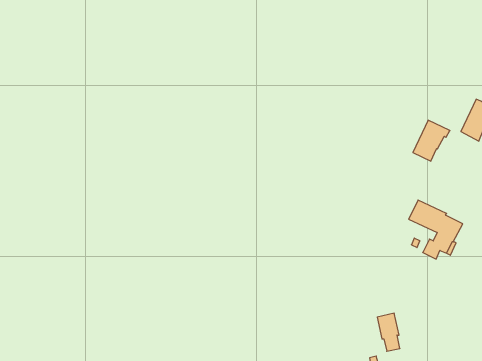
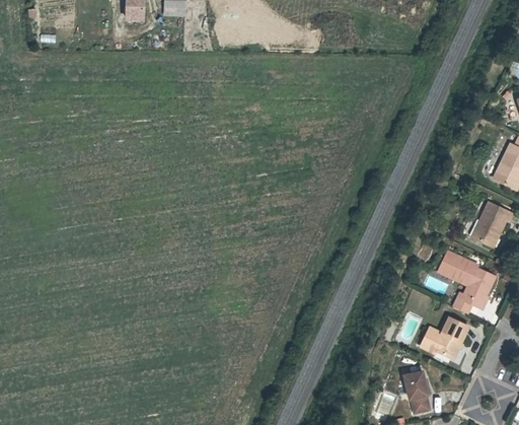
building: [413,120,450,161] -> [473,203,513,246]
building: none -> [425,318,469,359]

